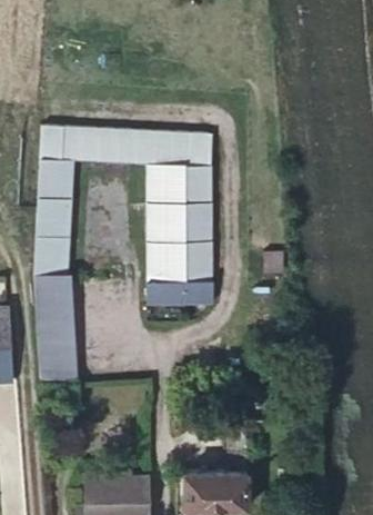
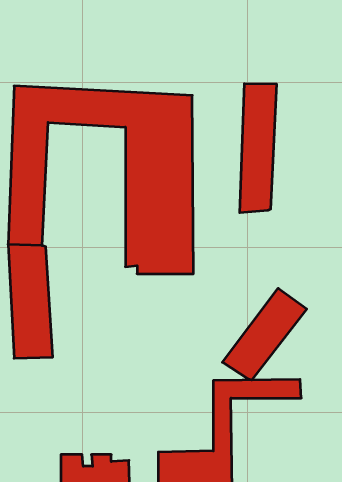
building: none -> [240,84,276,213]
building: none -> [222,288,307,380]

